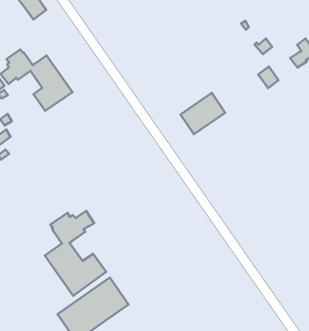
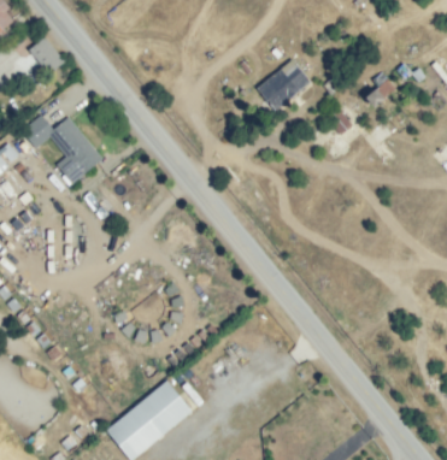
building: [180,93,225,134] -> [257,58,311,110]
building: [45,211,106,296] -> none

